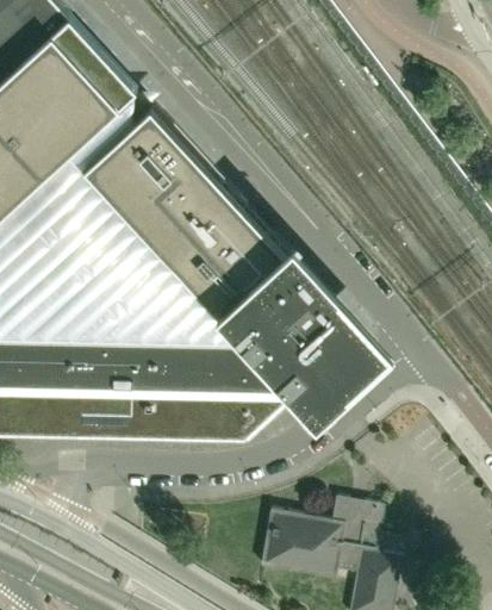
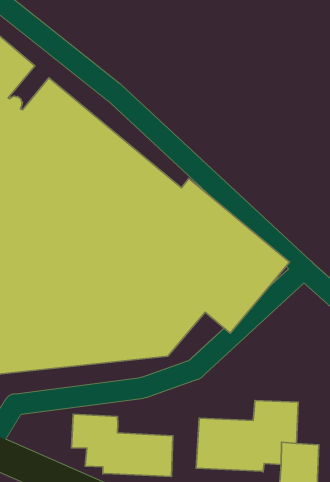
building: none -> [72,414,173,476]

